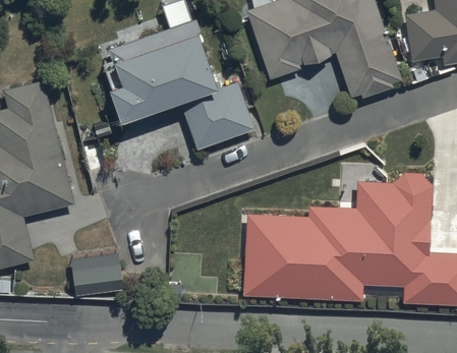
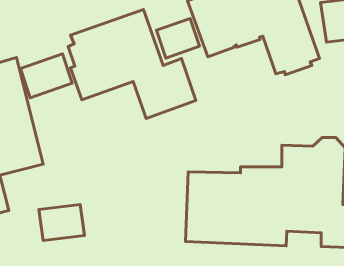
building: none -> [157,18,200,58]
building: none -> [20,54,72,98]

